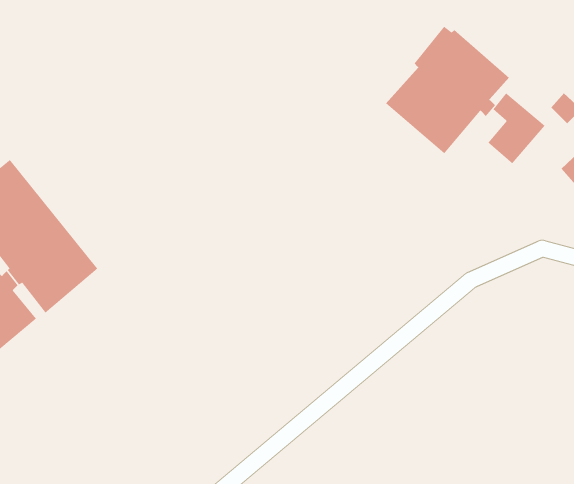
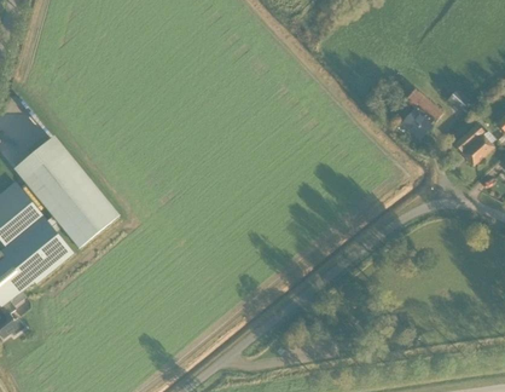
building: [385,26,510,154] -> none

